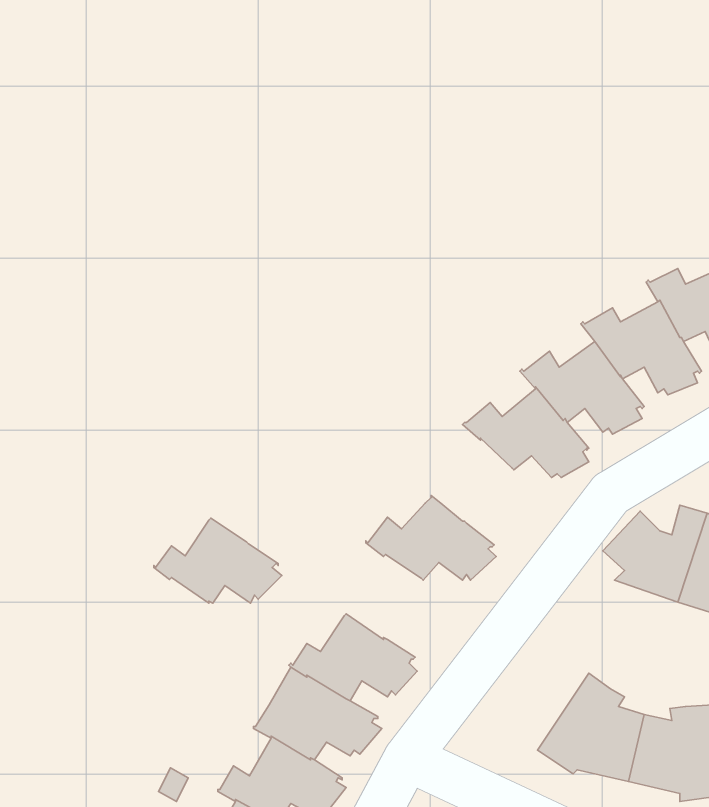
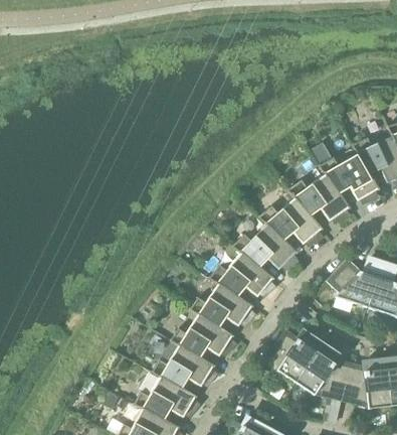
building: none -> [233,224,299,269]
building: [154,518,282,603] -> [191,283,256,326]
building: none -> [265,331,324,383]

